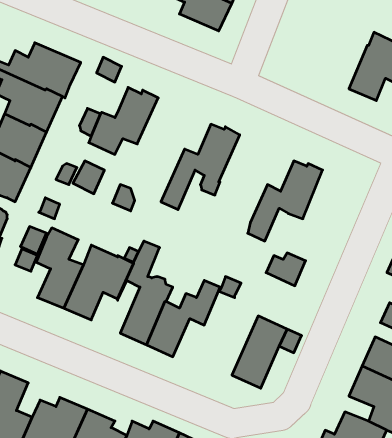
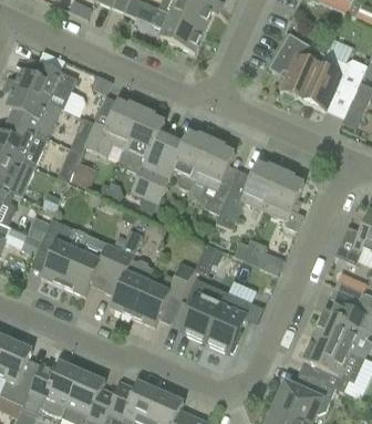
building: none -> [268,32,323,100]
building: none -> [124,107,164,195]
building: none -> [193,138,234,213]
building: none -> [264,168,303,230]
building: none -> [179,278,226,341]

